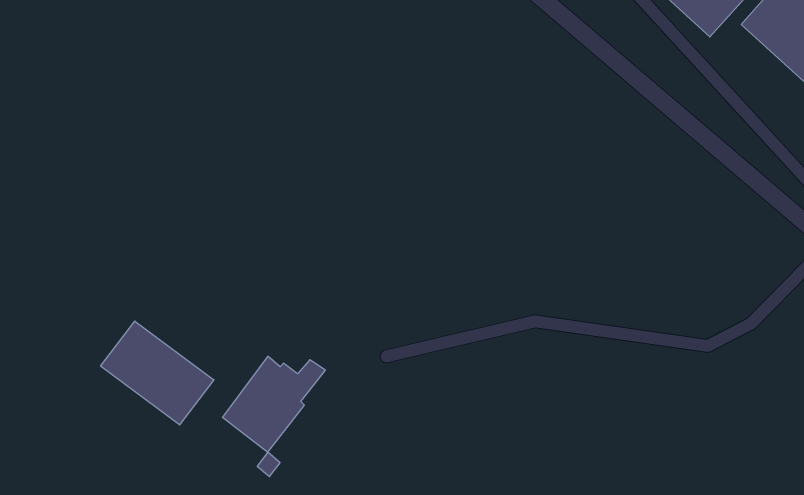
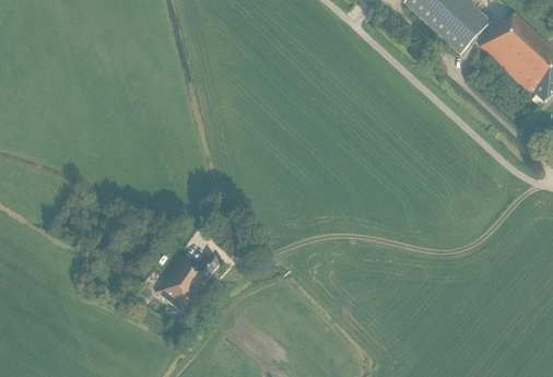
building: [101,321,214,425] -> none

